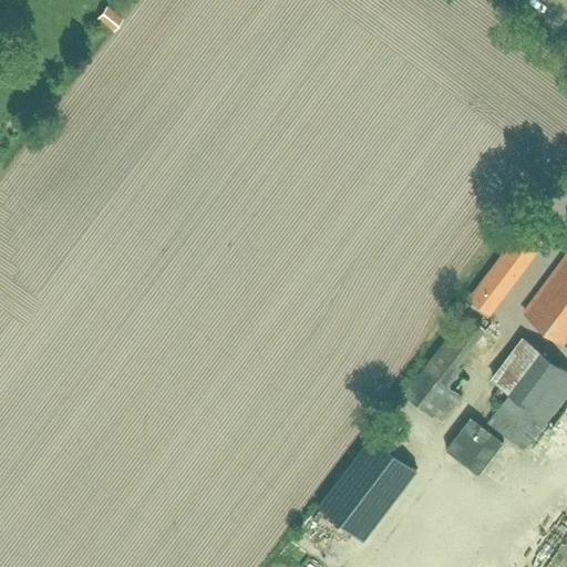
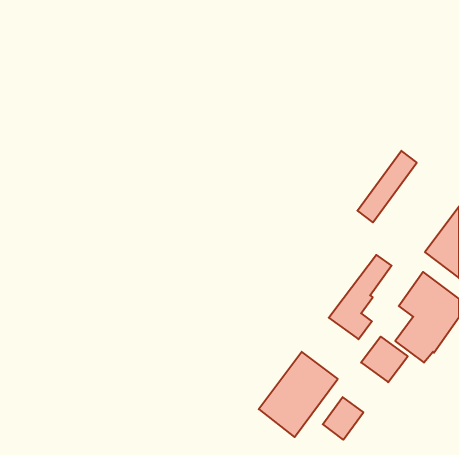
building: [471,226,544,315] -> [357,151,417,222]
building: none -> [323,397,363,440]

